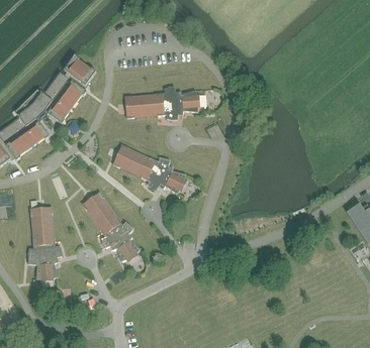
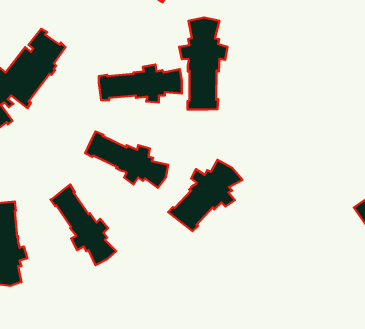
building: none -> [179,17,228,110]
building: none -> [168,160,243,231]

